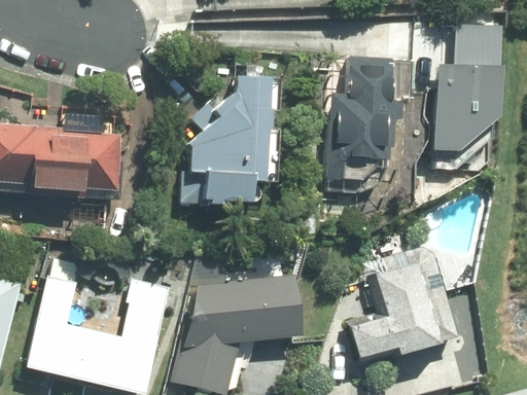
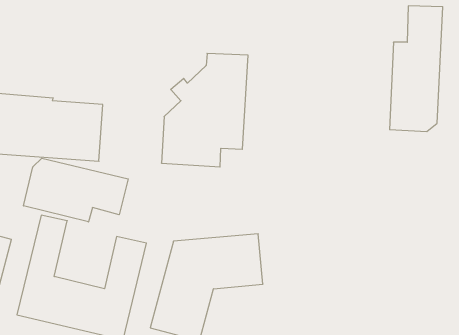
building: [326,60,415,190] -> none
building: none -> [24,158,128,222]
building: [348,259,454,364] -> none

